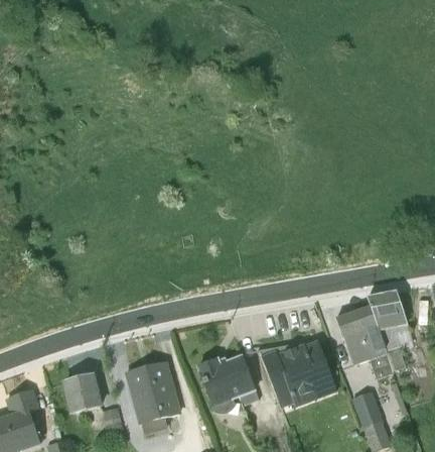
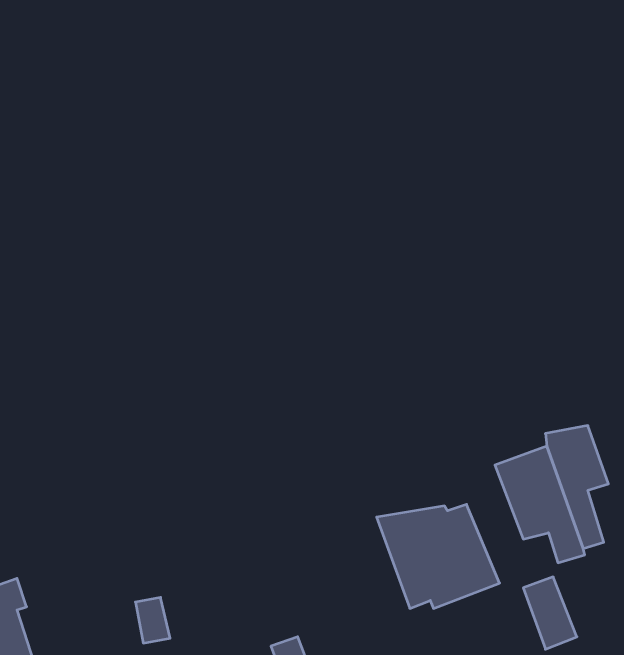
building: [198,354,259,406] -> none
building: [127,360,179,424] -> none
building: [62,374,101,414] -> none

